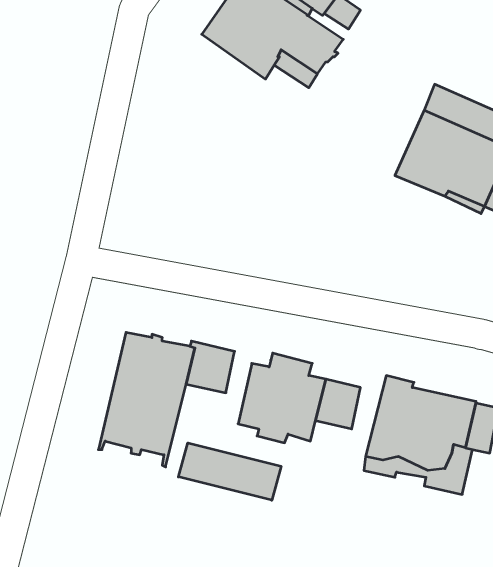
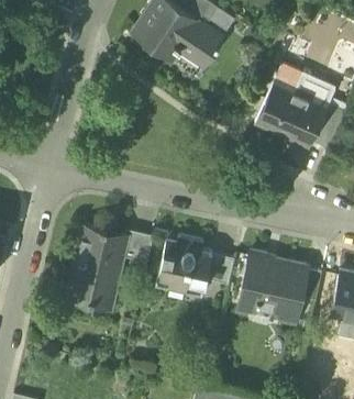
building: [178,443,281,500] -> none

